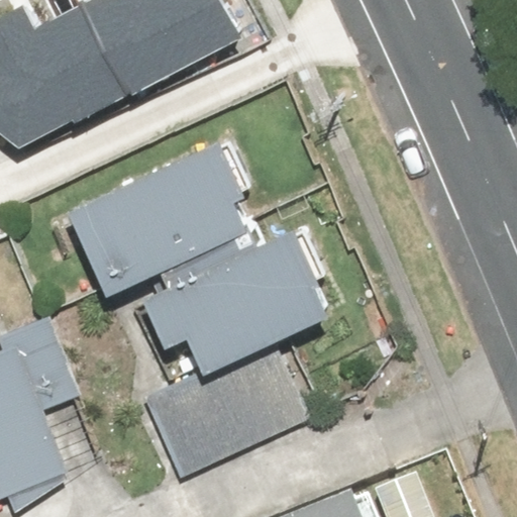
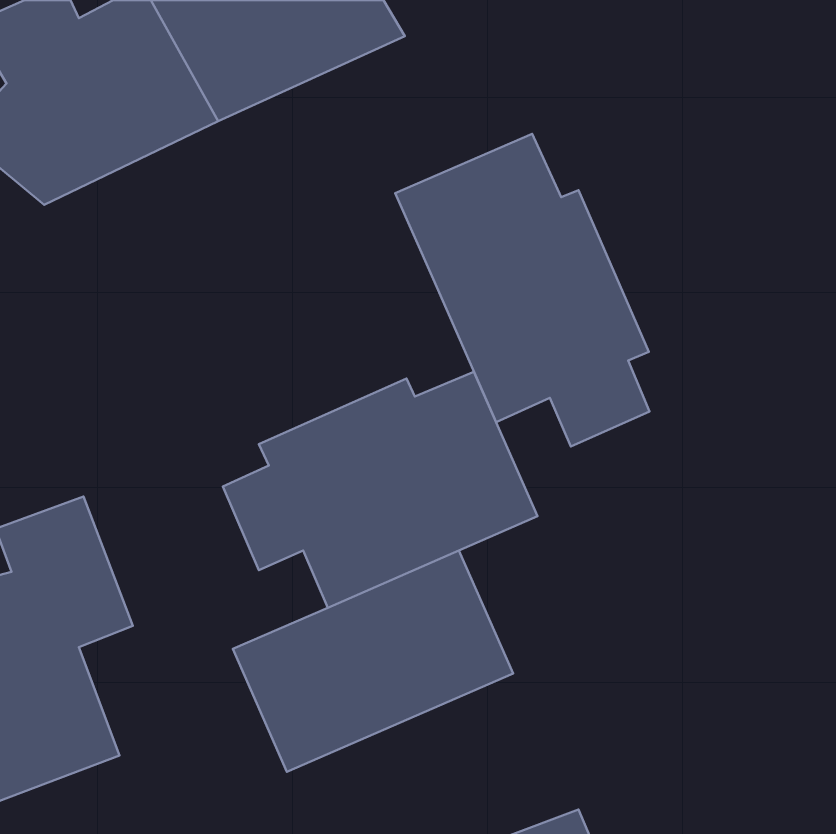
building: none -> [395,134,650,447]
building: [67,144,250,300] -> none

